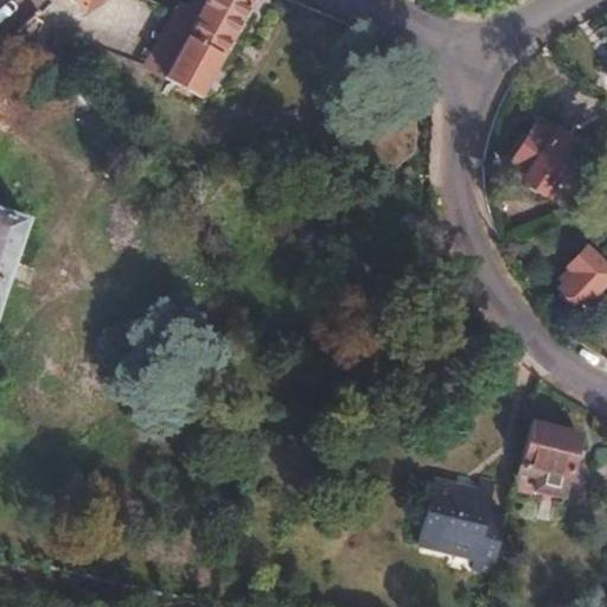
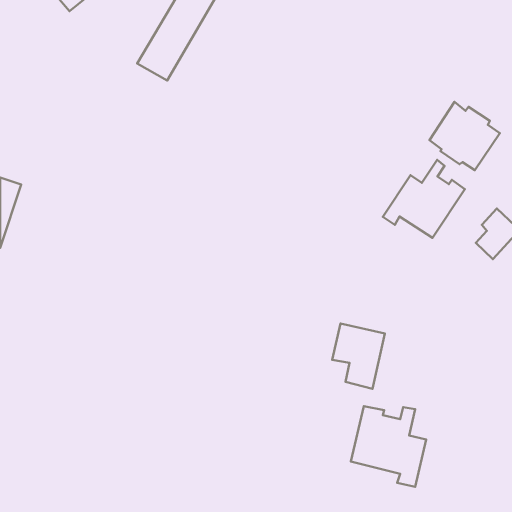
building: none -> [383,160,465,238]
building: [517,421,579,498] -> [332,323,385,389]

